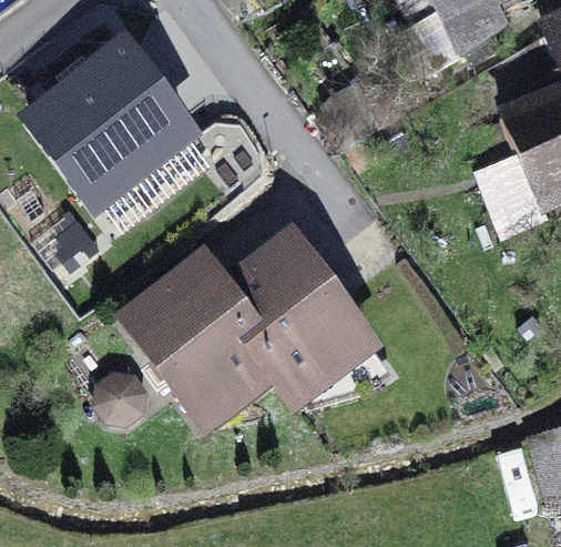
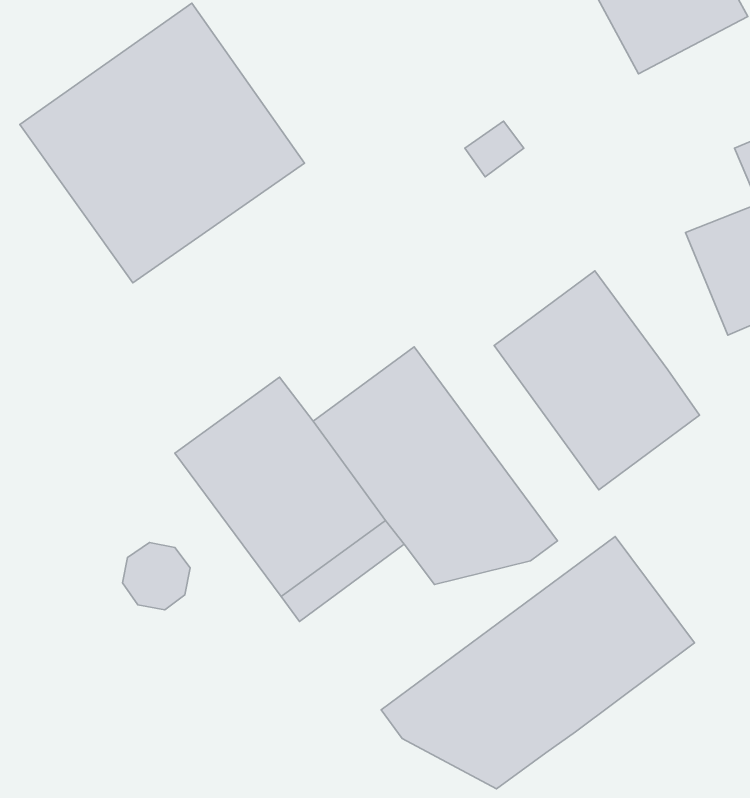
building: none -> [494,271,700,490]
building: none -> [381,537,695,789]

